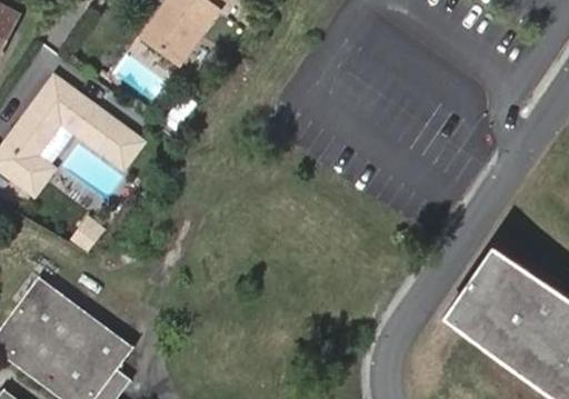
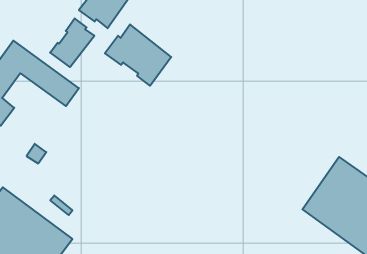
building: none -> [50,18,94,67]
building: none -> [105,24,171,86]

